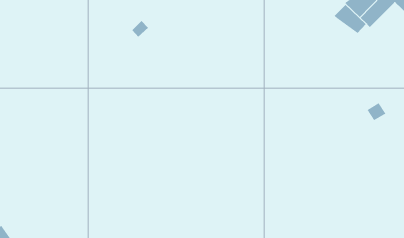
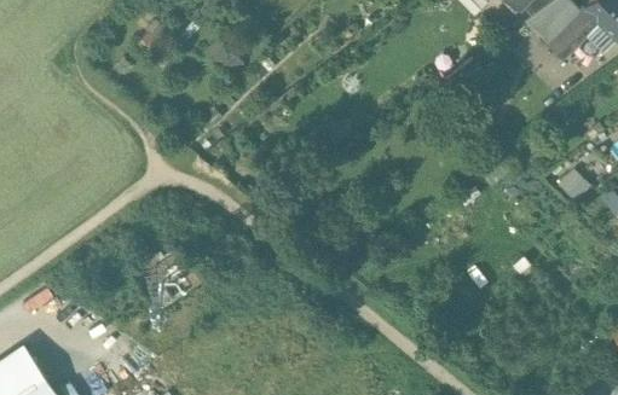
building: [334,4,366,34] -> none

